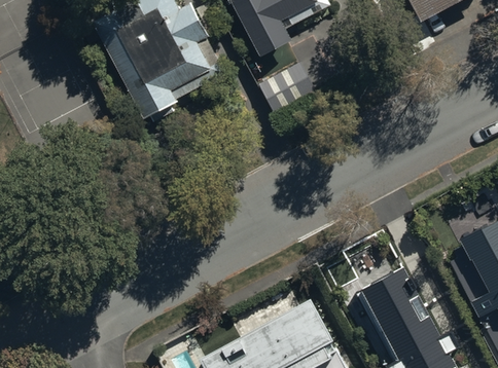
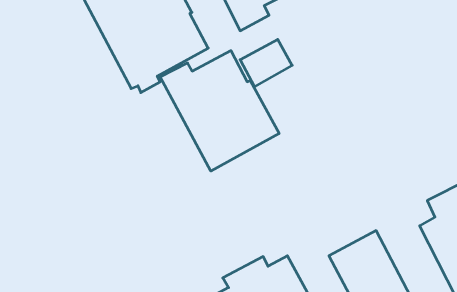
building: none -> [160,51,279,171]

